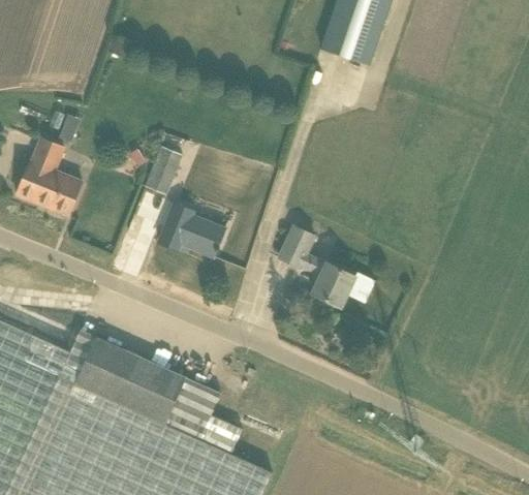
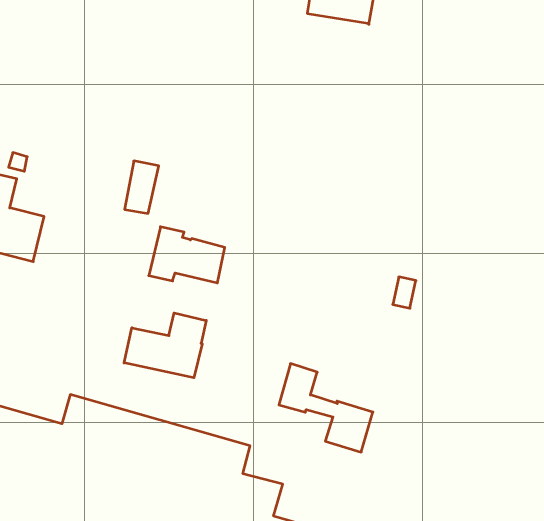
building: [279,226,354,307] -> [279,364,373,452]
building: none -> [124,313,206,378]

